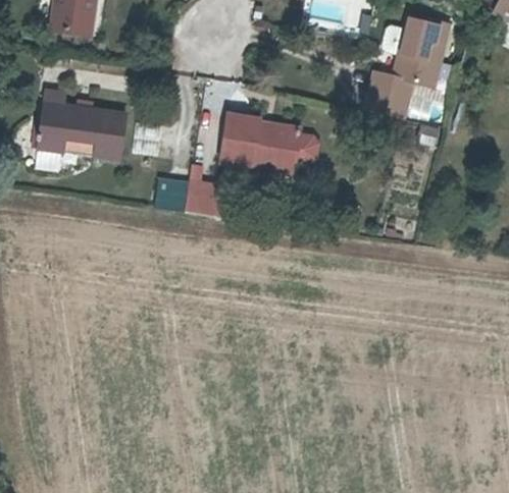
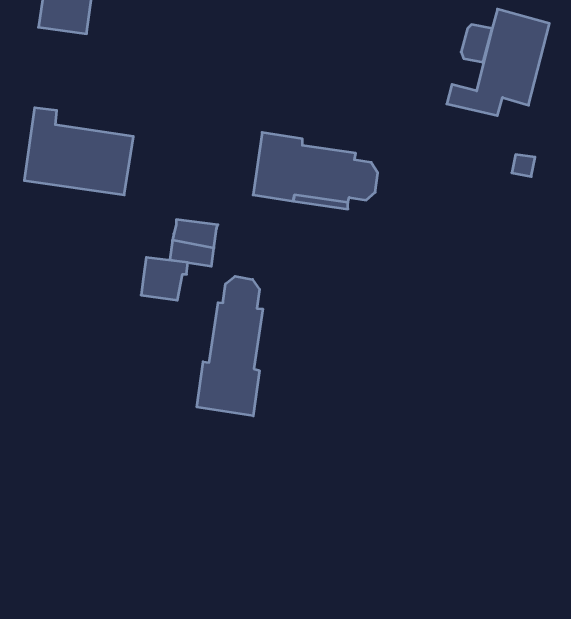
building: [366,87,411,116] -> none
building: [187,184,223,218] -> [141,257,188,300]
building: none -> [197,276,263,416]

